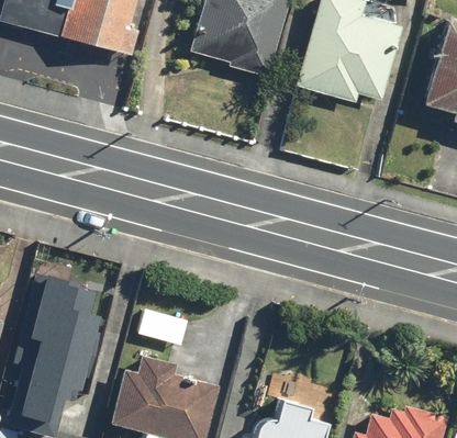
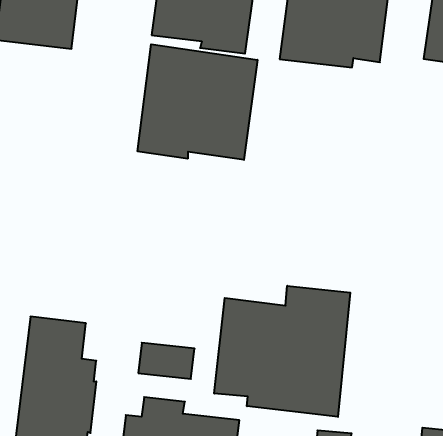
building: none -> [138,44,257,160]
building: none -> [214,286,350,417]

